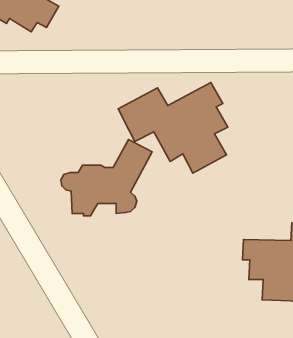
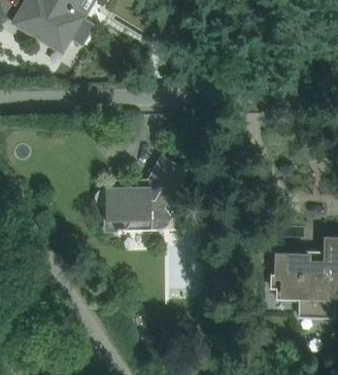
building: [118,82,228,173] -> none

